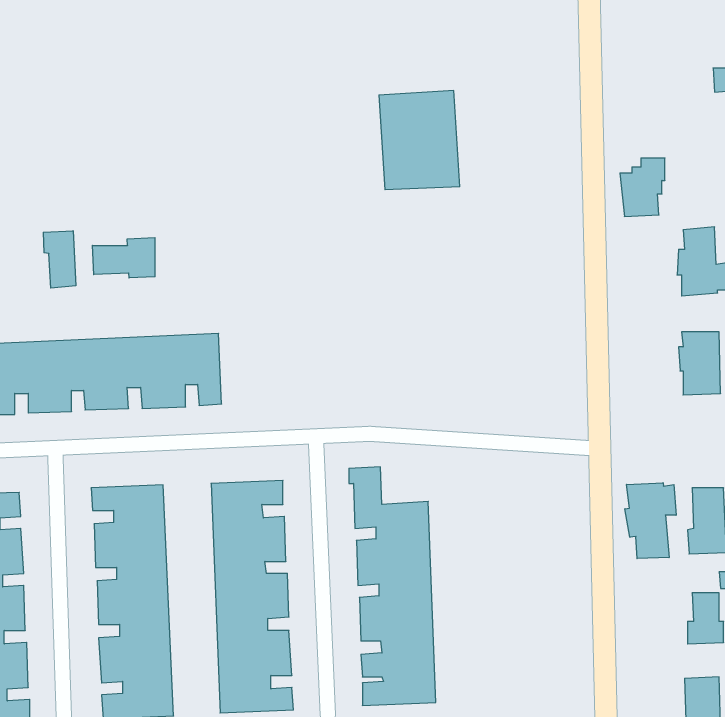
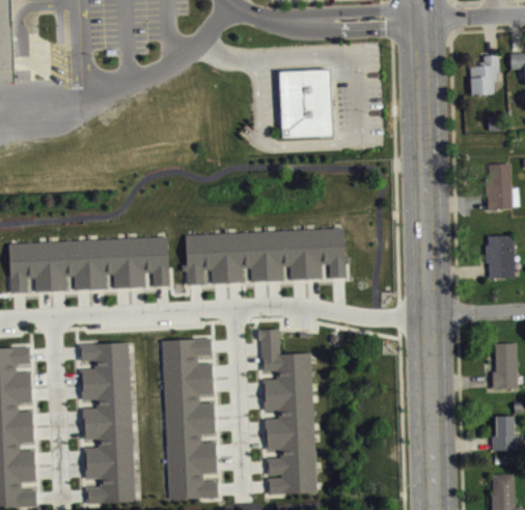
building: [620,158,665,216] -> [469,56,500,96]
building: [43,231,76,288] -> none
building: [92,238,155,278] -> none
building: none -> [182,229,351,285]
building: [625,483,676,559] -> none

